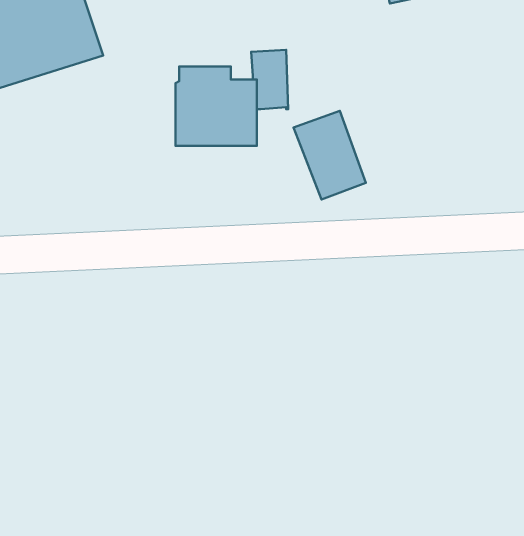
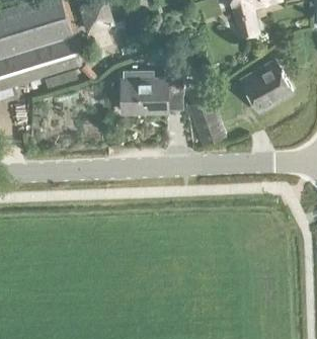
building: none -> [239,60,292,110]

